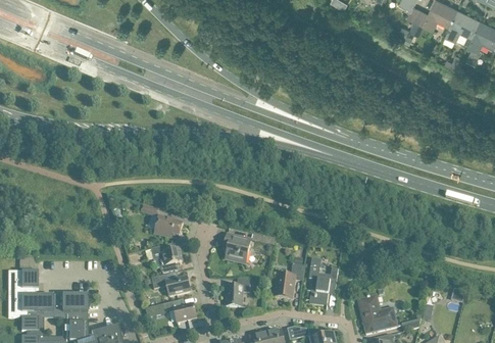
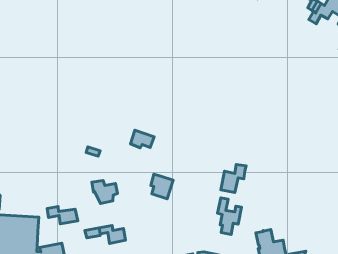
building: [154,214,183,236] -> [131,130,154,148]
building: [275,262,304,297] -> [221,164,246,192]
building: [151,274,190,295] -> [47,207,78,224]
building: [226,277,250,305] -> none

